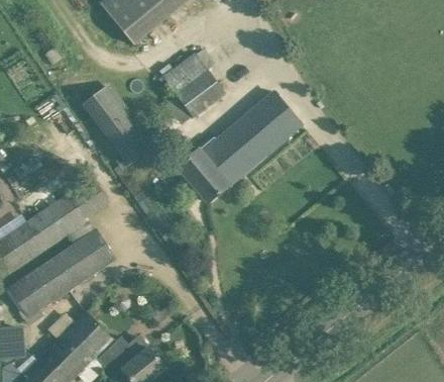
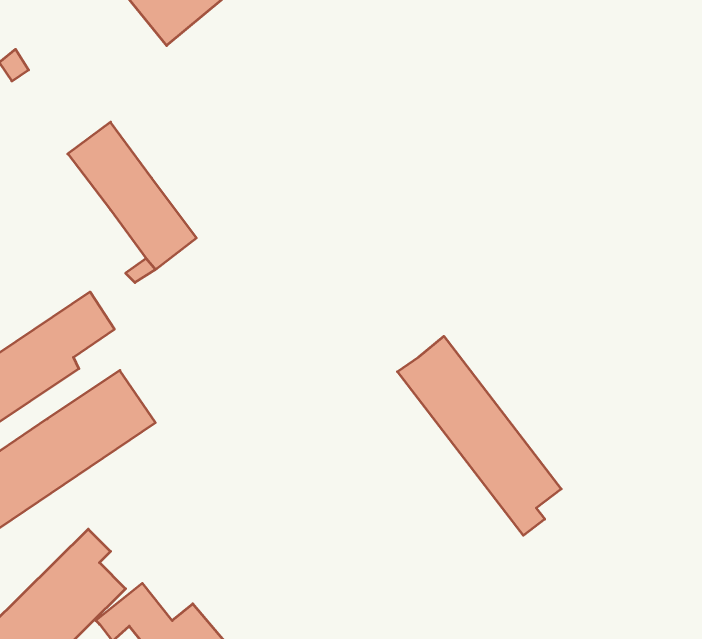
building: [161,47,224,117] -> none
building: [177,96,293,202] -> none
building: none -> [397,336,561,535]

